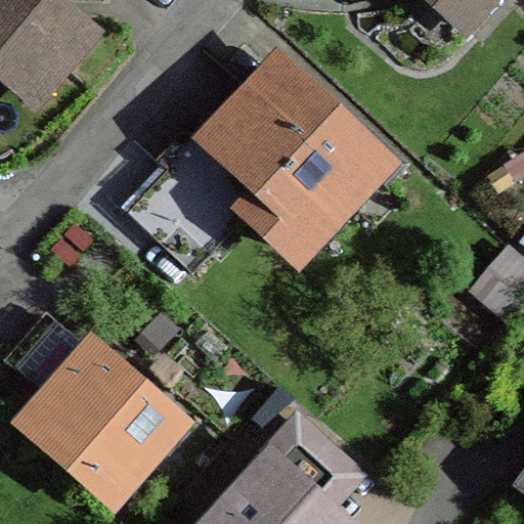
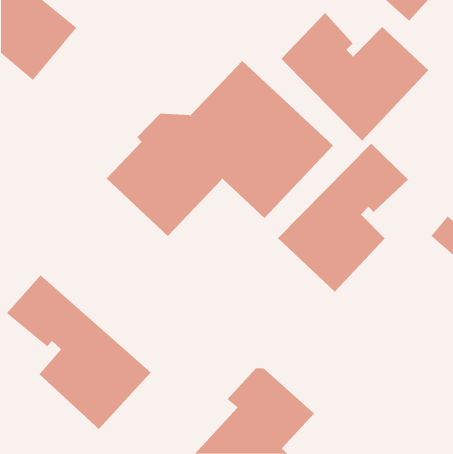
building: none -> [280,12,429,142]
building: none -> [277,143,409,293]

